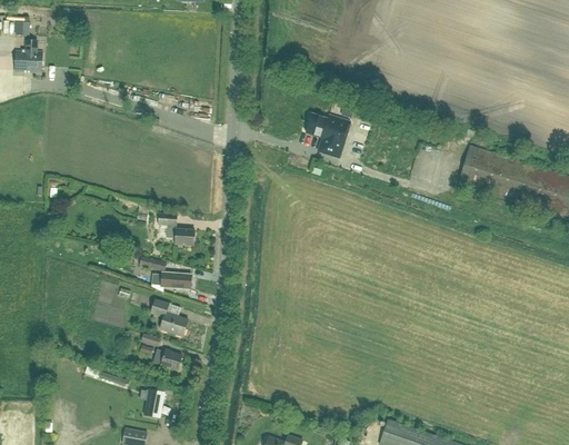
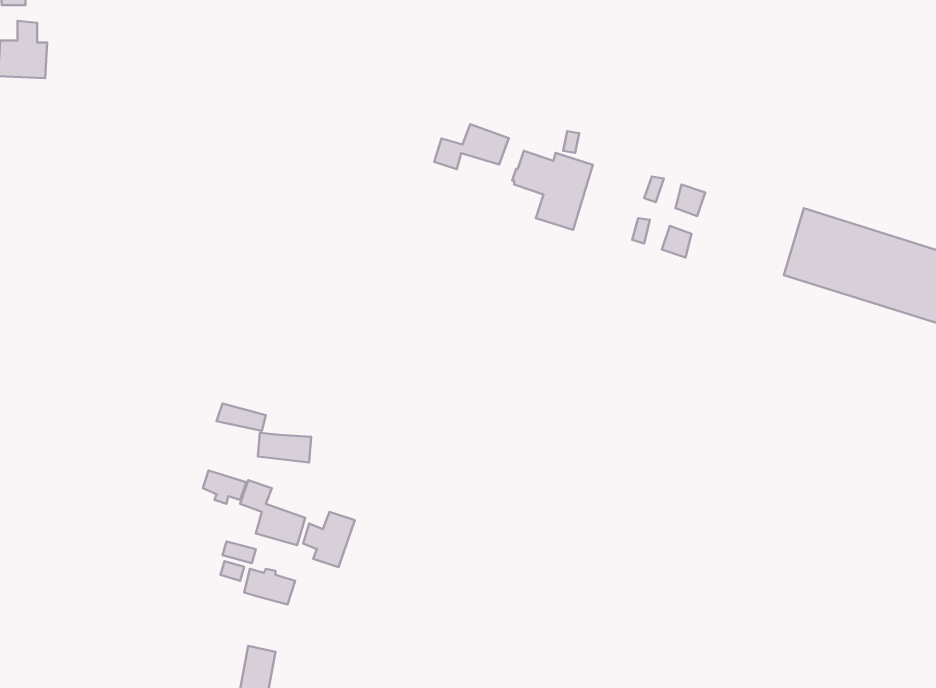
building: none -> [434,124,509,169]
building: [157,212,193,246] -> none
building: none -> [303,512,355,567]

